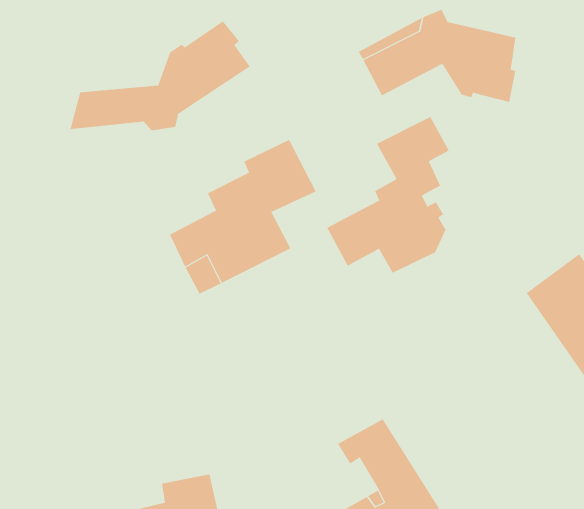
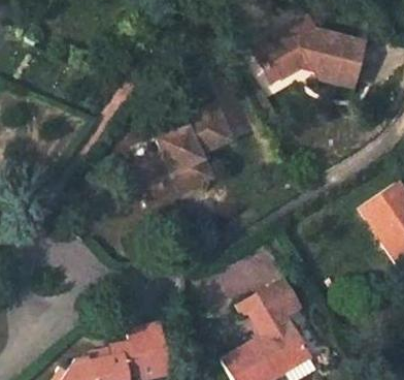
building: [70,20,250,131] -> none
building: [326,116,449,274] -> none

